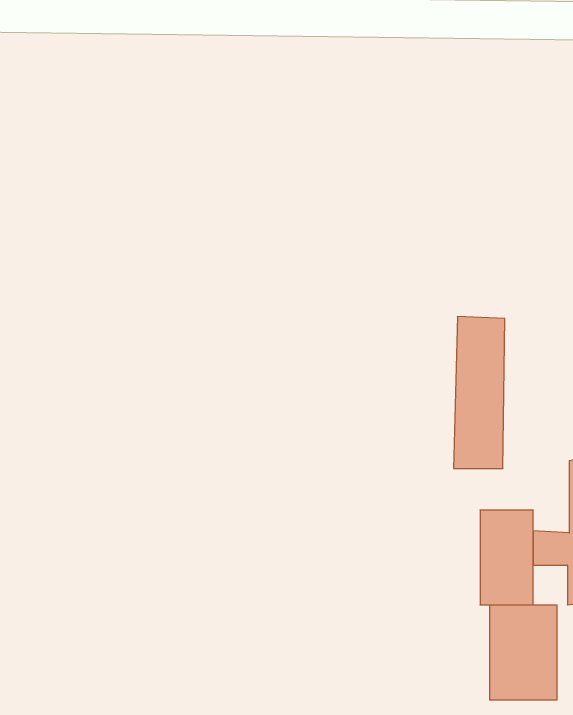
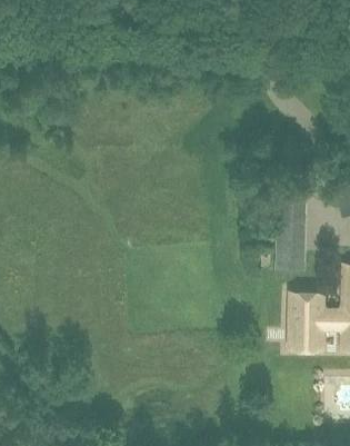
building: [490,605,557,700] -> none

